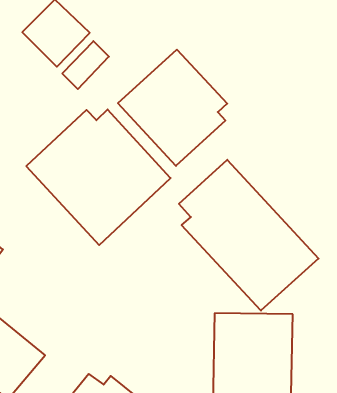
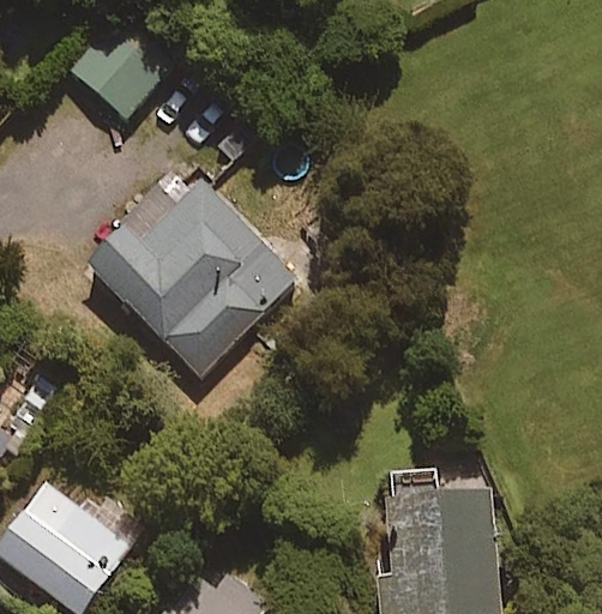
building: [118,50,227,166] -> none
building: [179,160,319,311] -> none

